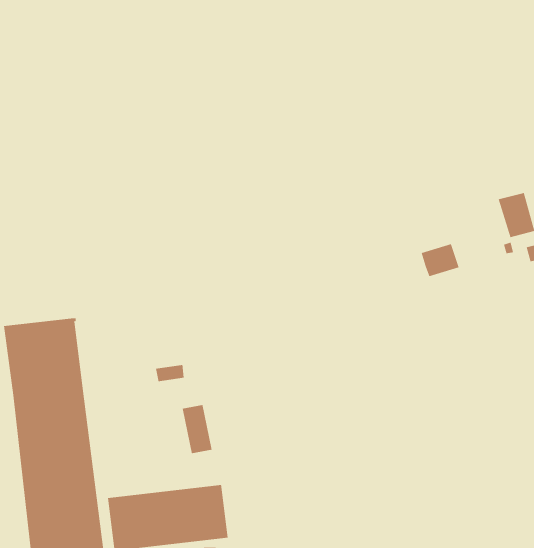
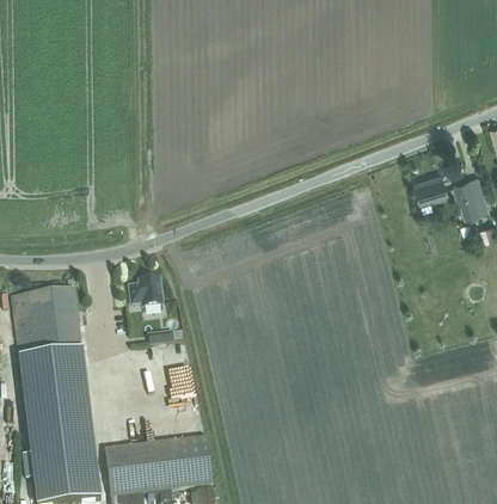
building: [421,243,459,277] -> [413,172,448,202]
building: none -> [129,277,162,307]

